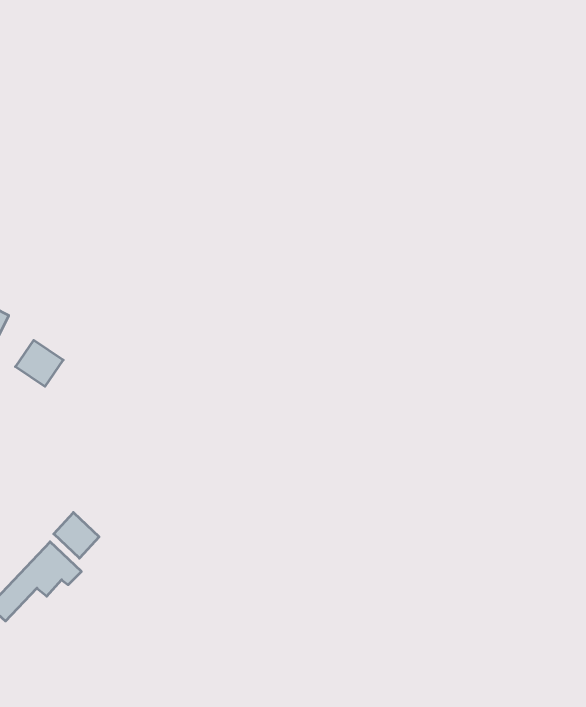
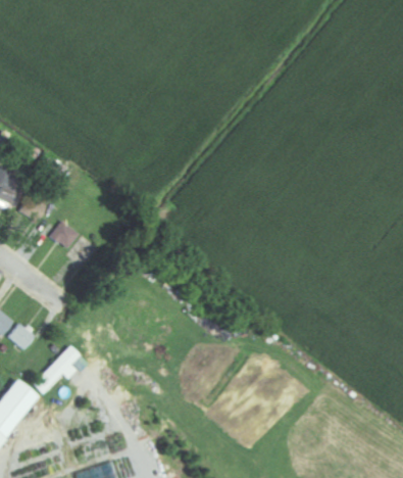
building: [54,512,99,558] -> none

